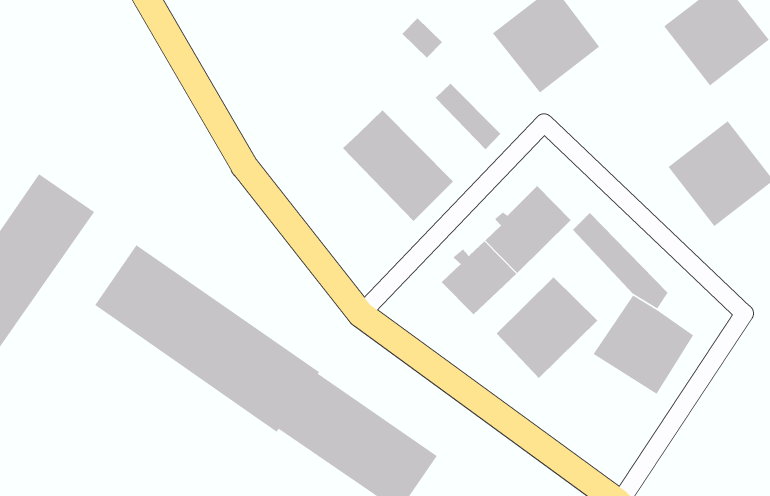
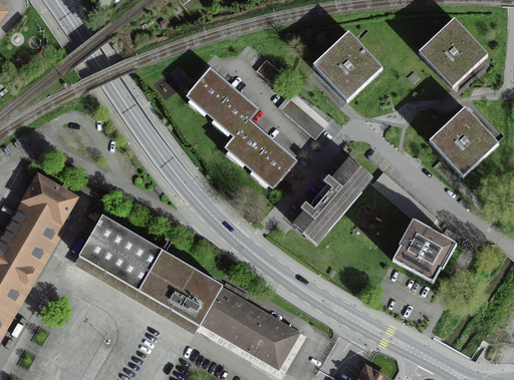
building: none -> [187,67,258,135]
building: [496,277,598,379] -> none

